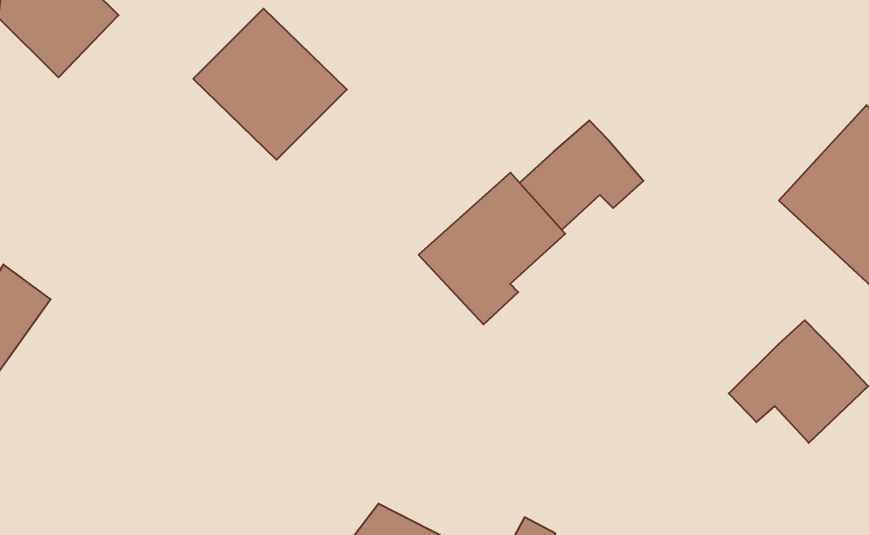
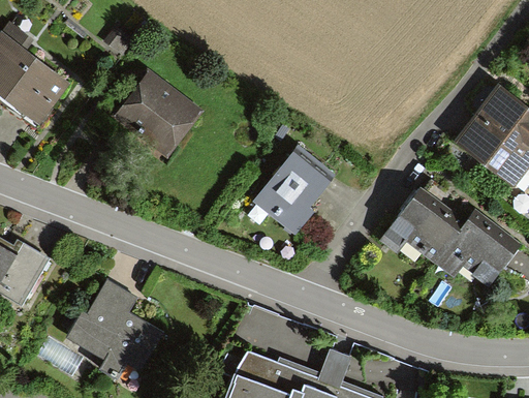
building: [520,120,643,230] -> none
building: none -> [384,194,464,261]
building: none -> [63,276,163,370]

